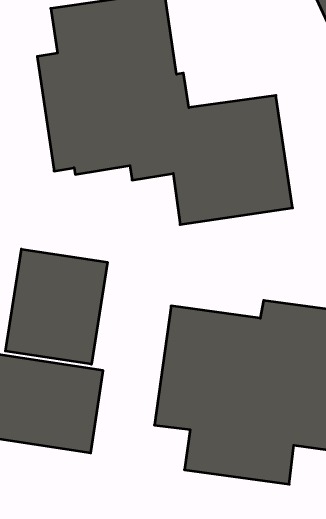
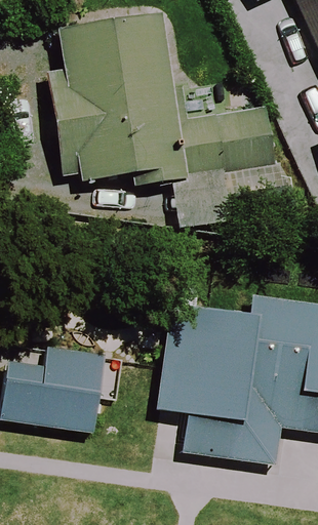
building: [5,249,107,364] -> none

